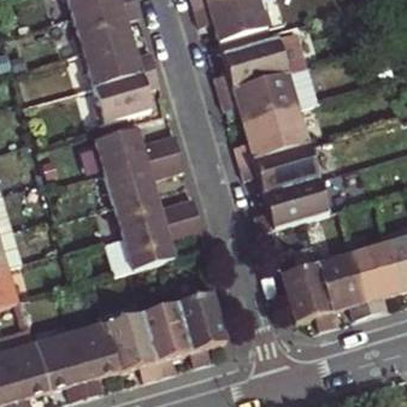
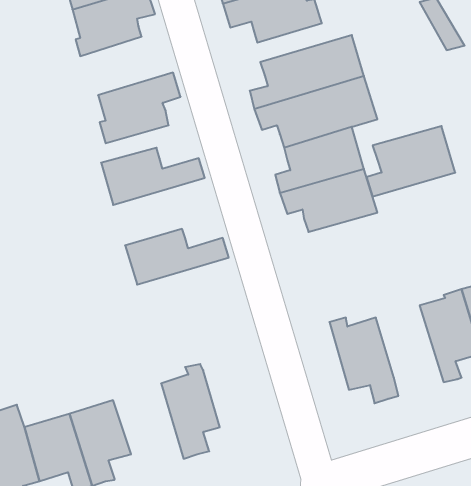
building: [81,34,155,81] -> none
building: [107,147,185,201] -> none
building: [259,175,330,231] -> [367,126,455,197]
building: [107,211,205,273] -> none
building: [315,249,372,318] -> none
building: [179,285,230,362] -> none
building: [105,311,164,378] -> none

